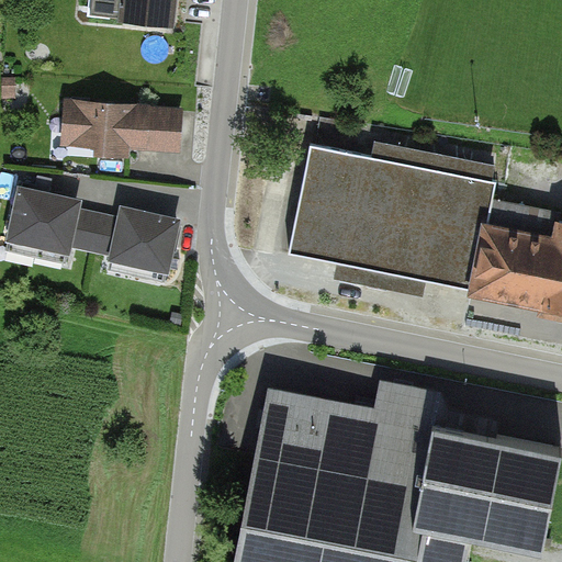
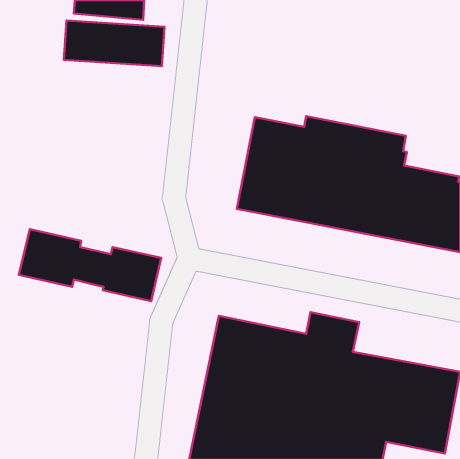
building: [74,100,196,156] -> [64,20,165,66]
building: [7,188,180,276] -> [19,229,161,301]

